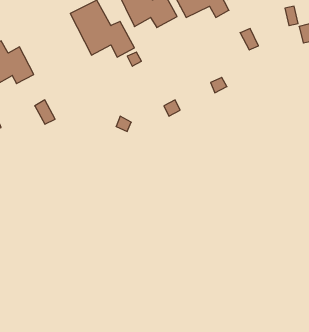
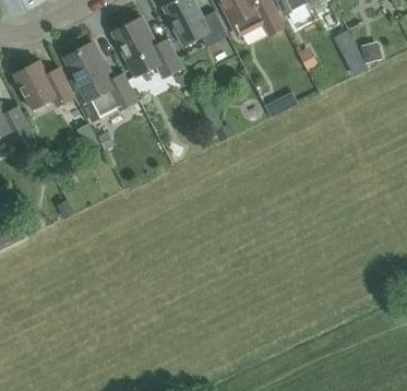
building: none -> [62,42,145,125]

